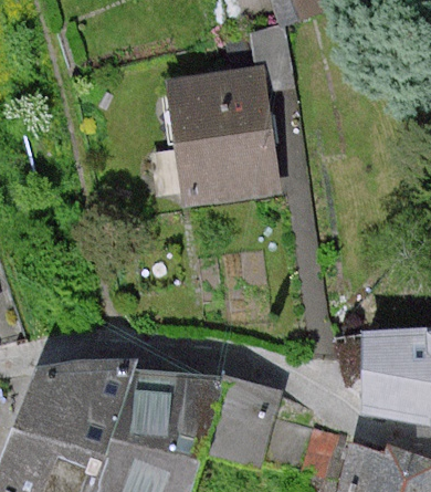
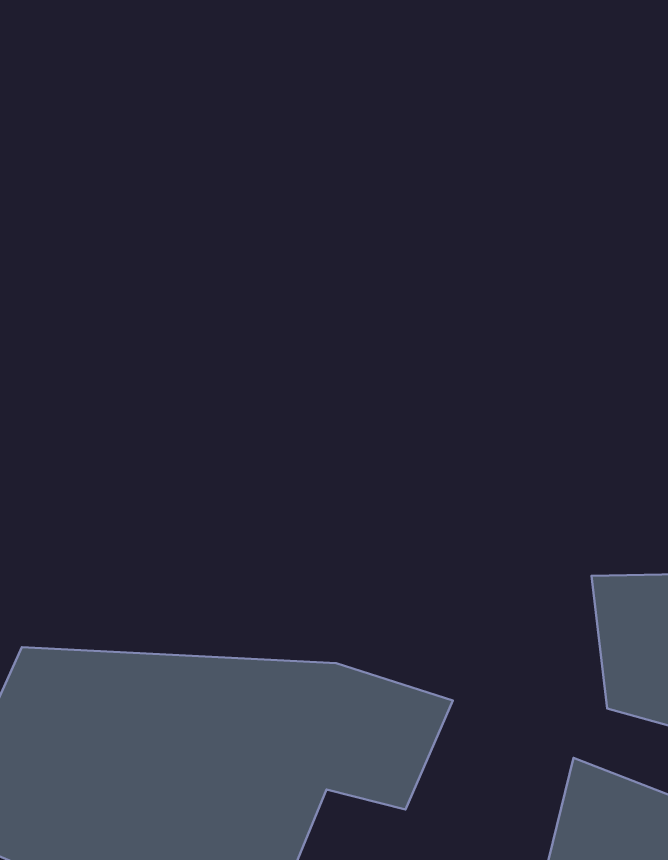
building: [169,62,292,210] -> none

